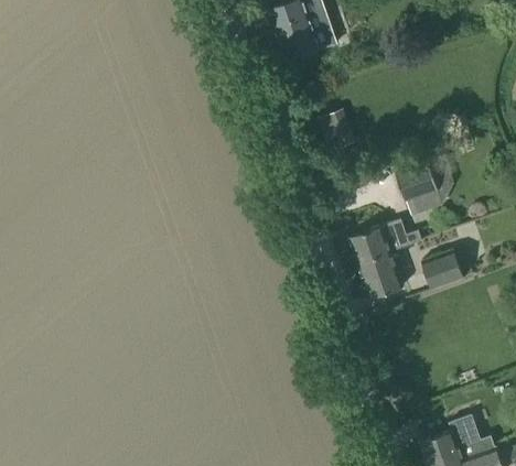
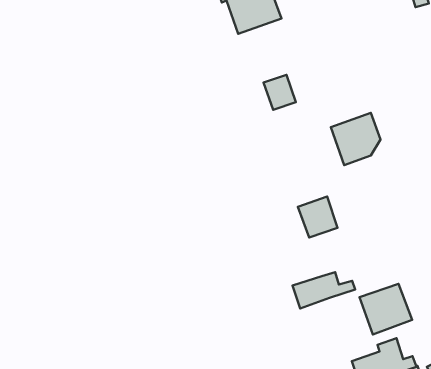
building: [348,221,421,263] -> [292,272,355,308]
building: [421,247,472,289] -> none
building: none -> [359,284,412,335]

